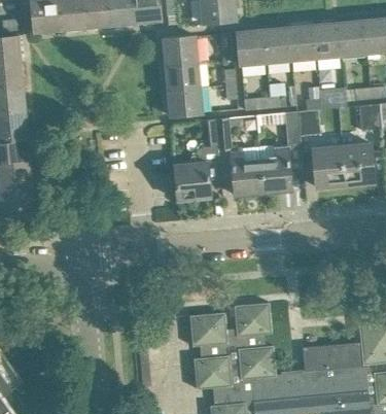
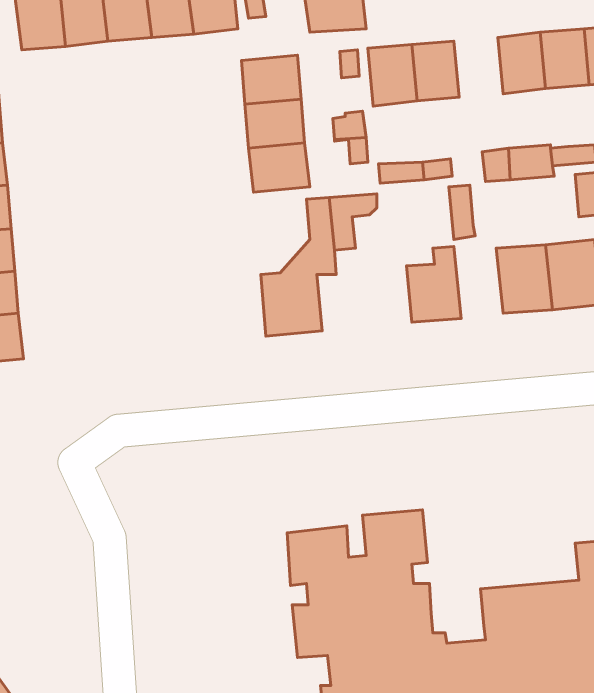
building: [287,26,316,61] -> none
building: [296,110,320,136] -> none
building: [230,147,262,196] -> none

